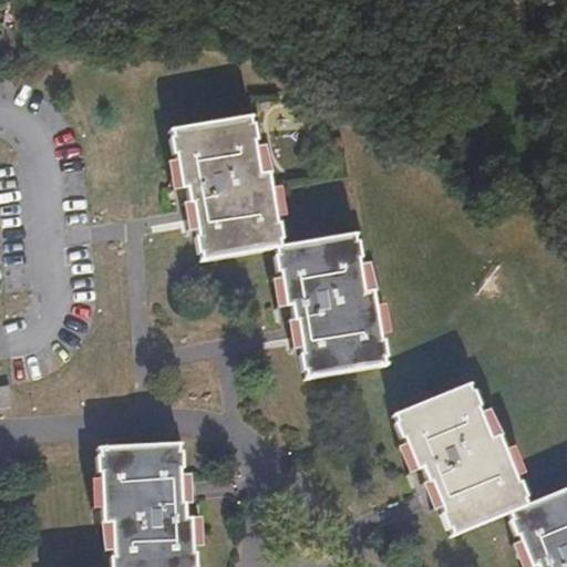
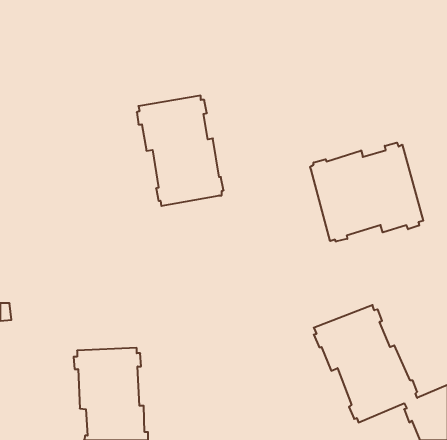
building: none -> [310,143,423,242]
building: [276,235,385,374] -> none

